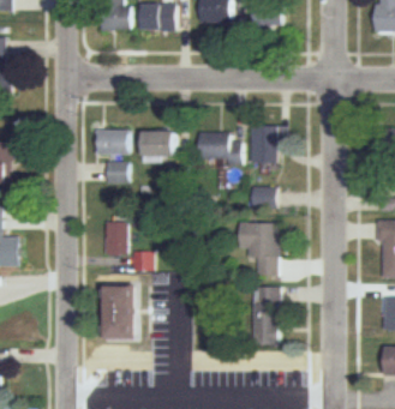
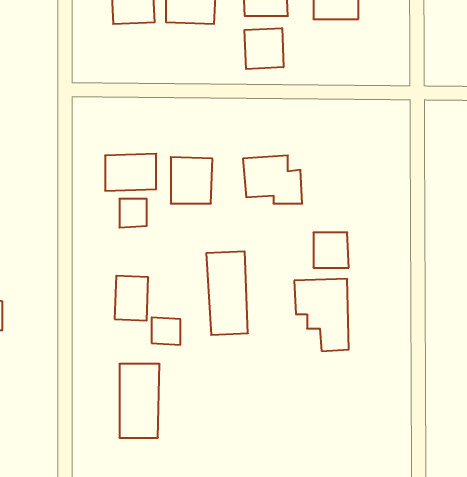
building: none -> [245,28,283,69]
building: [250,122,292,162] -> none
building: [250,283,281,345] -> [206,251,248,335]

